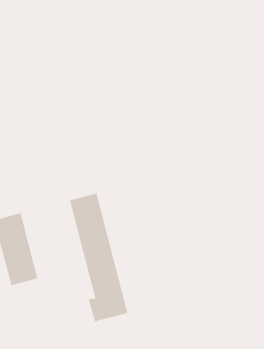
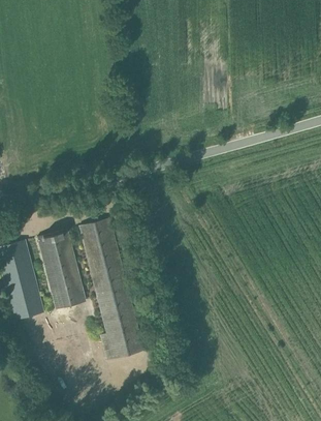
building: none -> [37,229,88,309]

